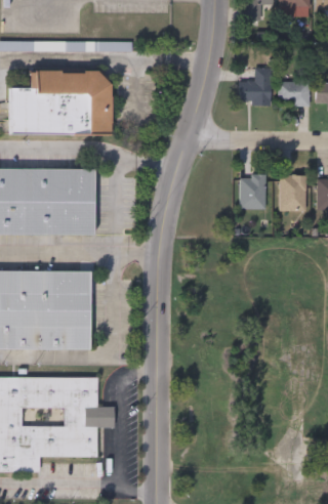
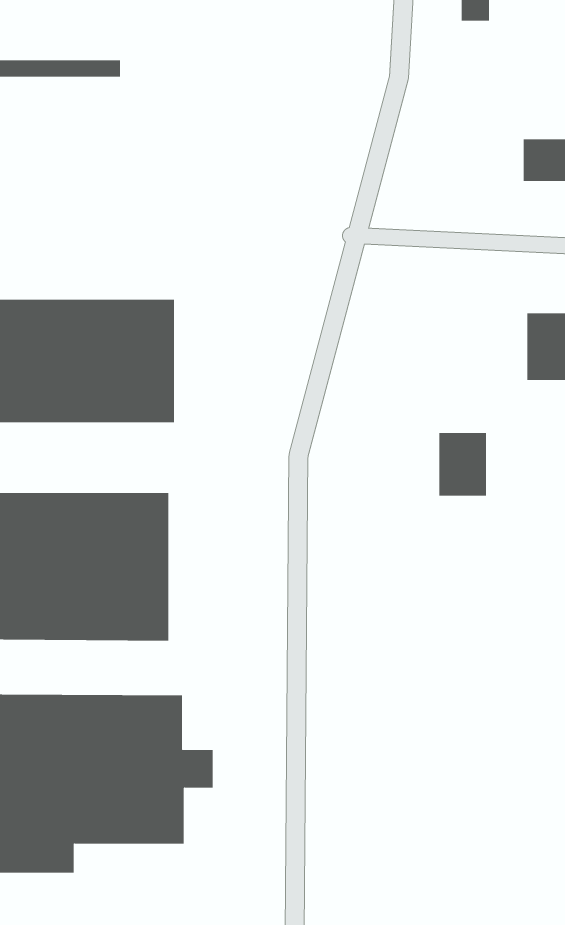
building: [239,69,271,106] -> none
building: [9,71,112,135] -> none
building: [240,175,265,209] -> [438,432,487,496]

